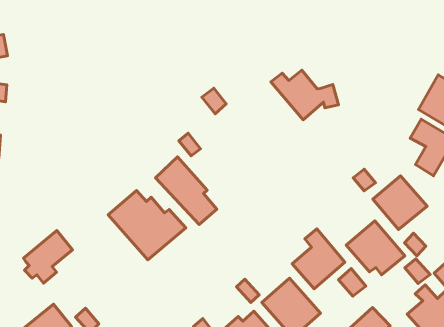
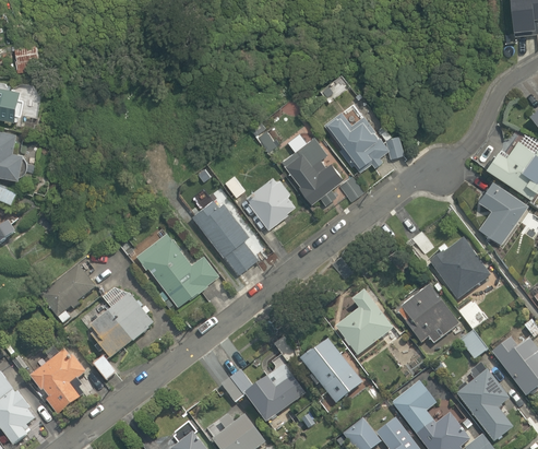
building: none -> [282,131,358,204]
building: none -> [246,174,300,228]
building: none -> [88,283,153,359]

